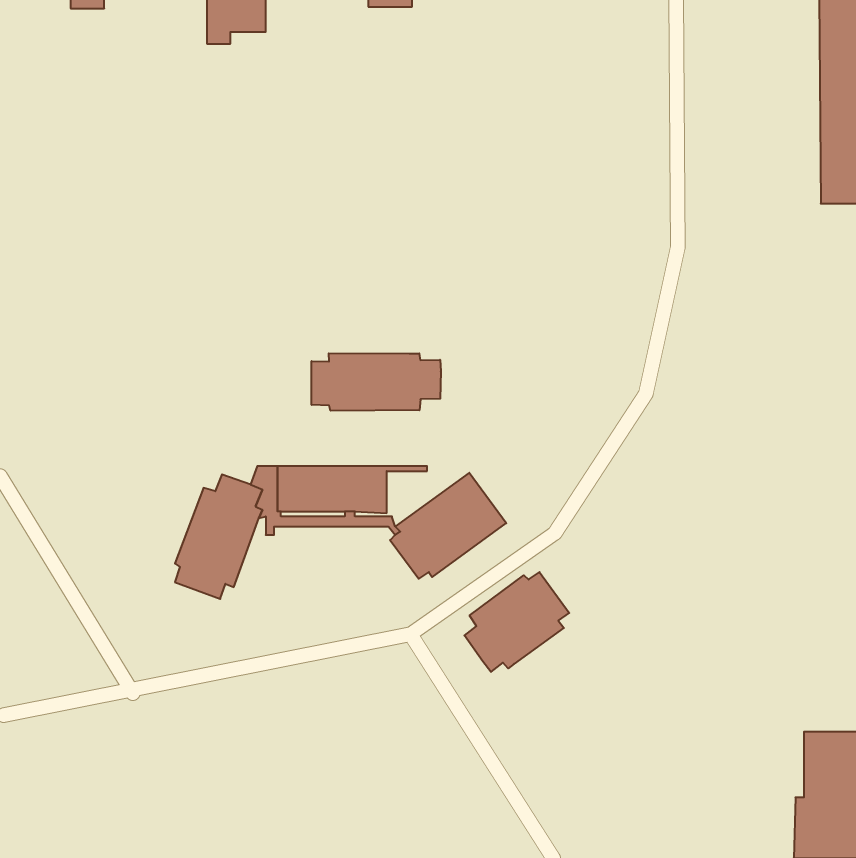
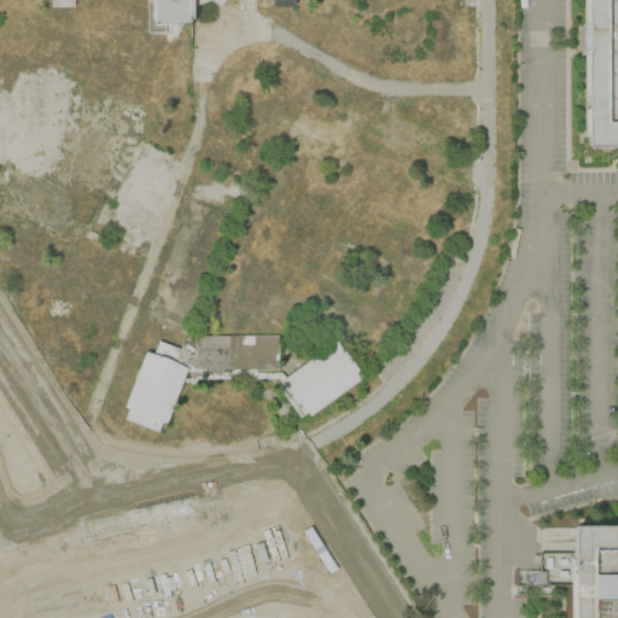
building: [312,353,441,411] -> none
building: [464,572,569,672] -> none

